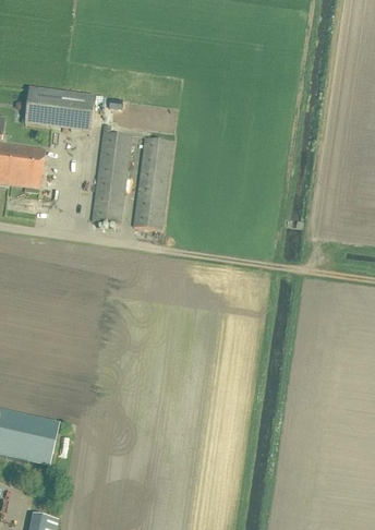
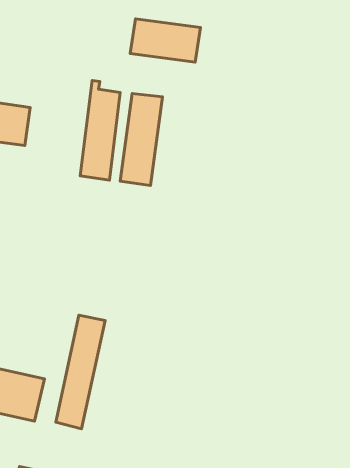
building: [24,88,95,132] -> [130,19,201,62]
building: none -> [56,315,105,429]

